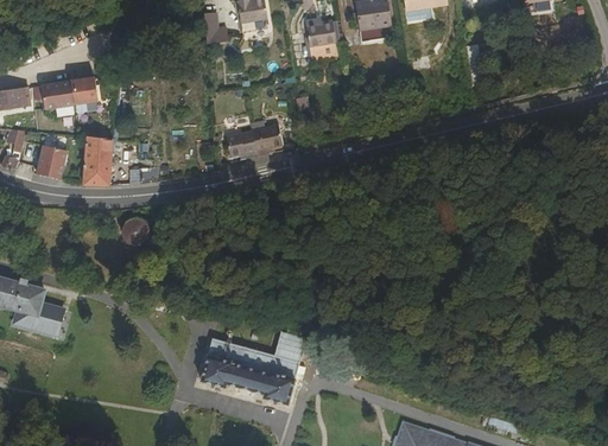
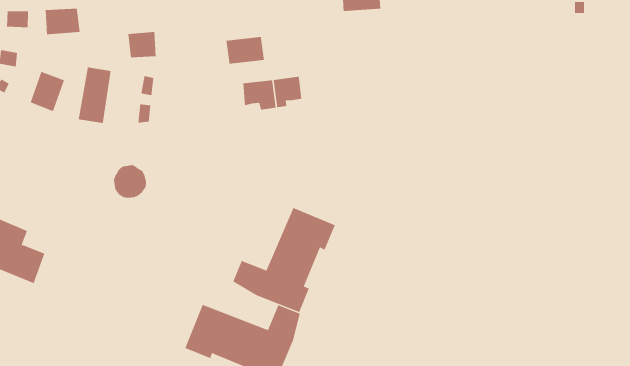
building: [71,78,100,104] -> [128,32,157,58]
building: none -> [226,36,265,64]
building: none -> [232,207,336,313]

